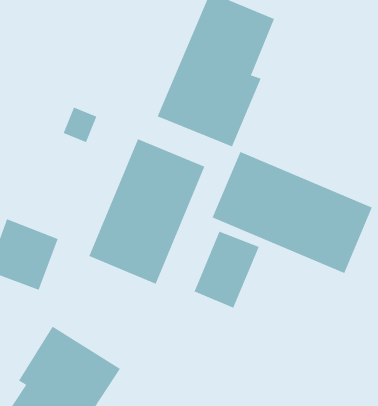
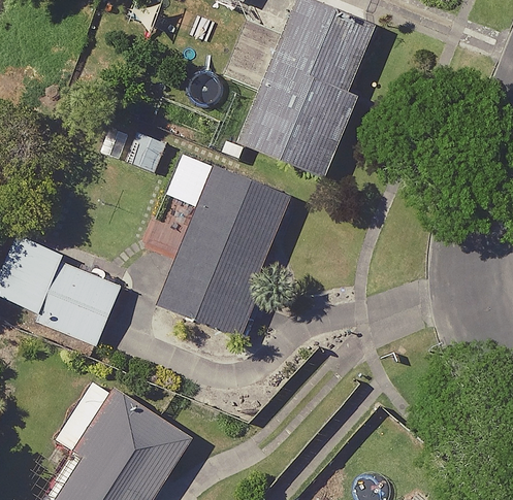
building: [212,151,373,274] -> none
building: [194,231,260,308] -> none

